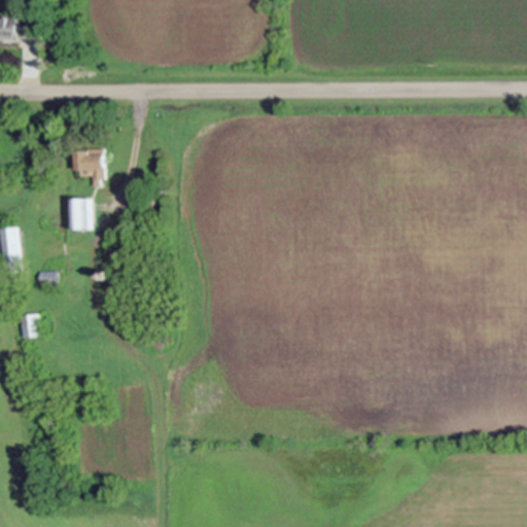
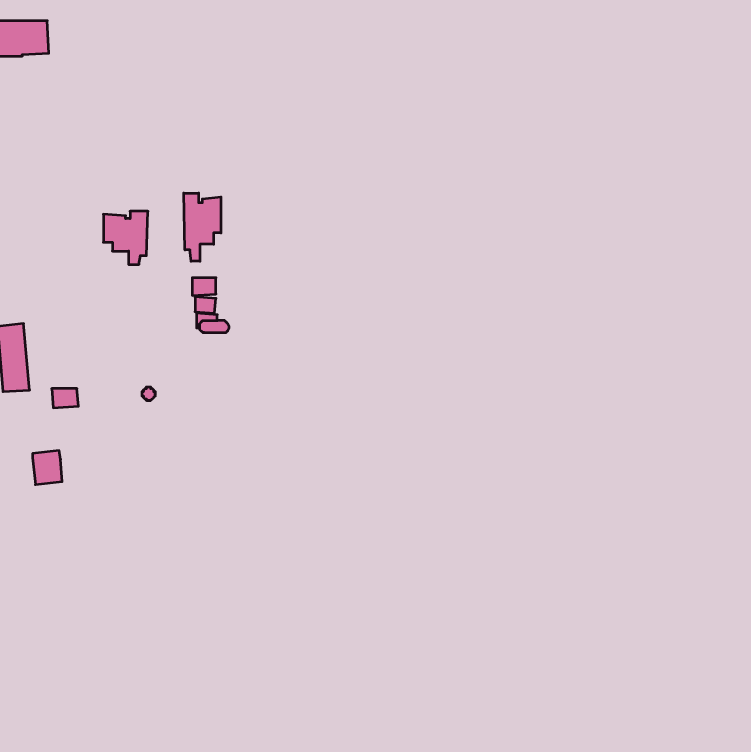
building: none -> [184,193,221,261]
building: [66,198,91,229] -> none

